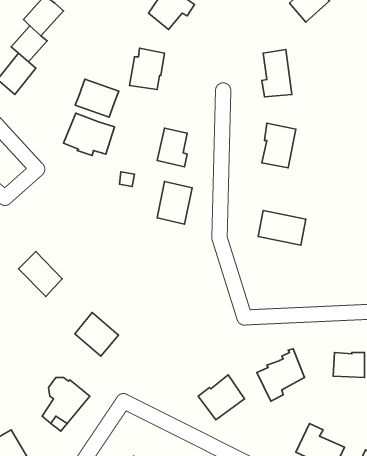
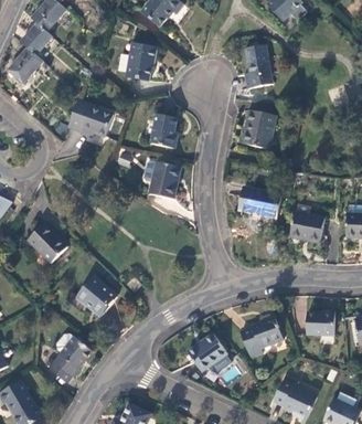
building: [75,79,119,117] -> none
building: none -> [290,211,324,241]

